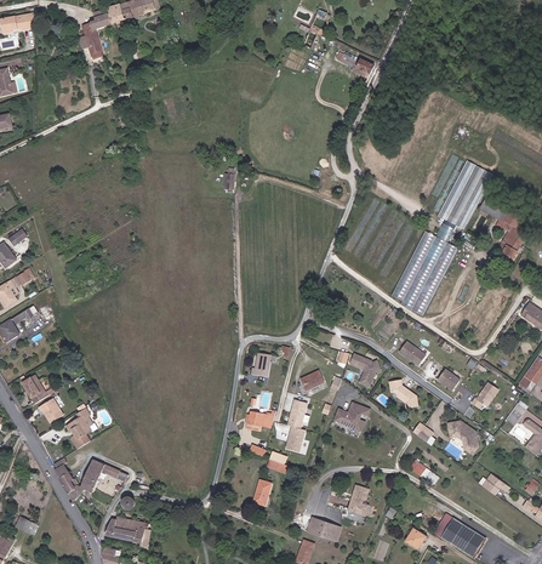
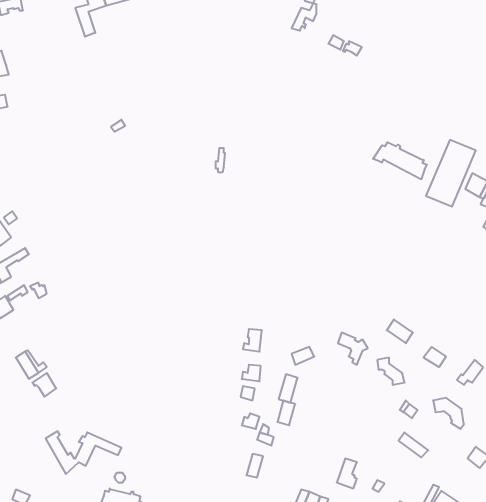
building: none -> [373,142,427,179]
building: [335,403,371,431] -> none
building: [65,408,91,448] -> none

